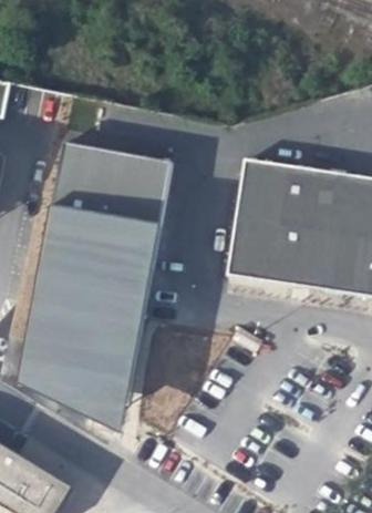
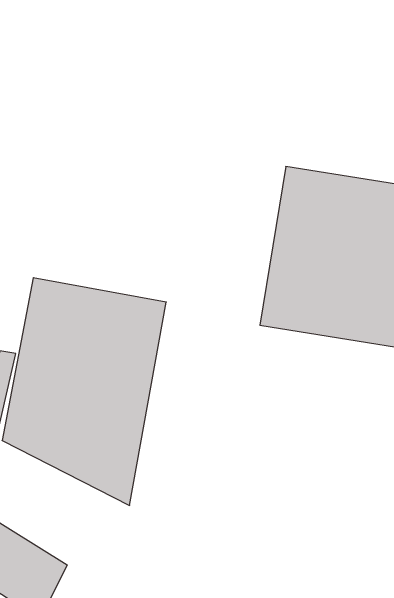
building: [41,138,172,268] -> none

